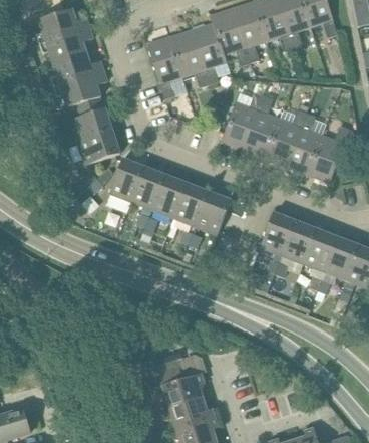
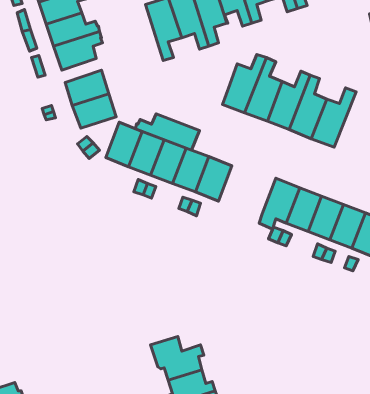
building: none -> [136,114,200,150]

